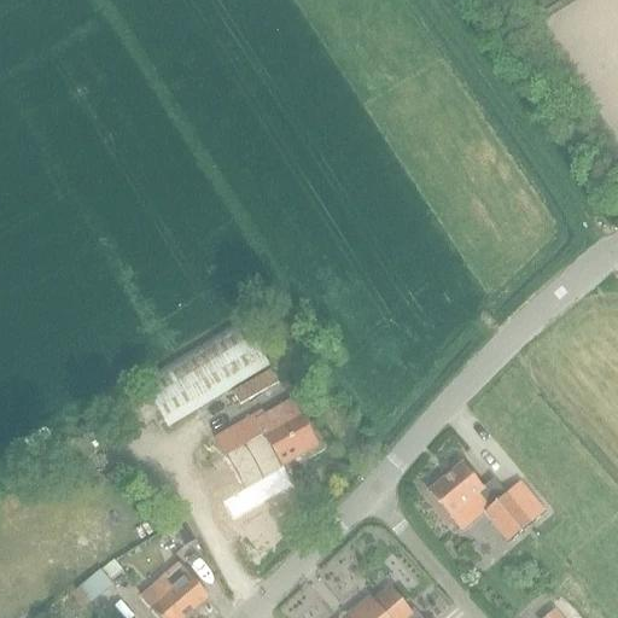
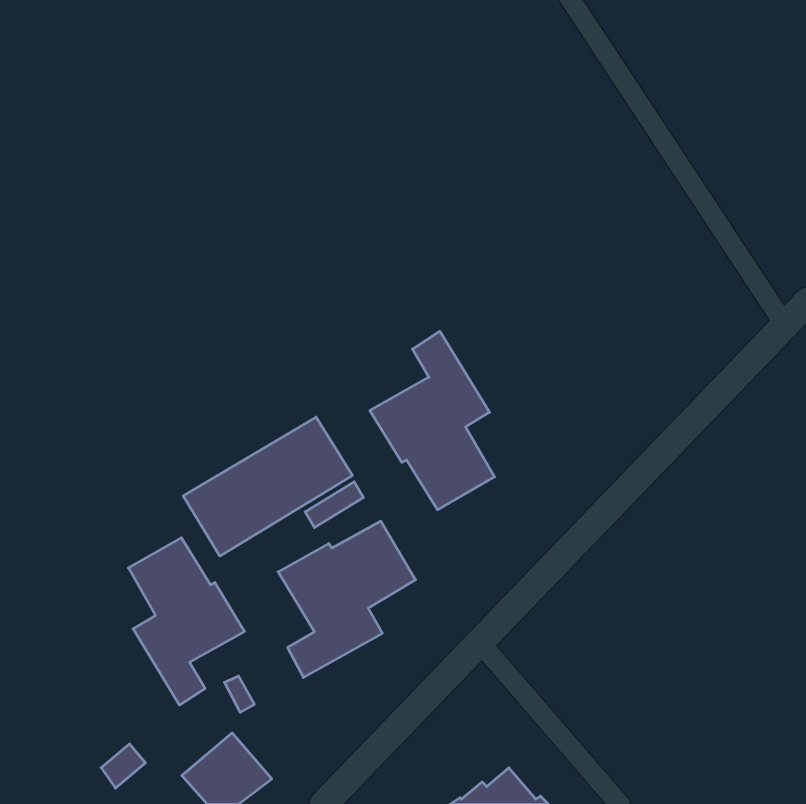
building: none -> [370,331,495,510]
building: none -> [128,538,245,705]
building: [428,461,546,542] -> none

